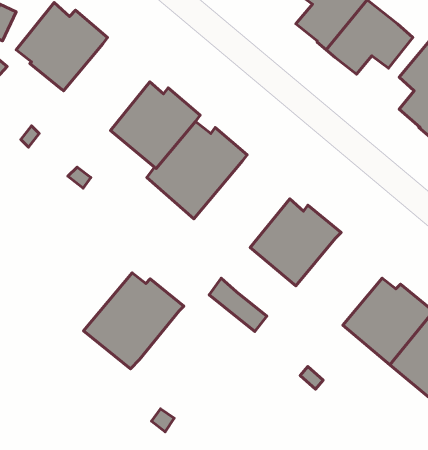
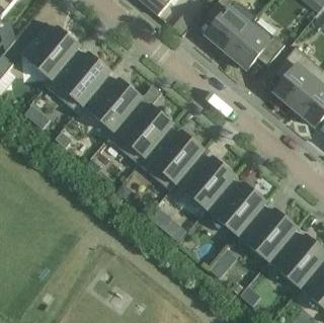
building: none -> [44,49,111,112]
building: none -> [206,178,266,236]
building: [83,273,184,369] -> [138,127,205,190]

